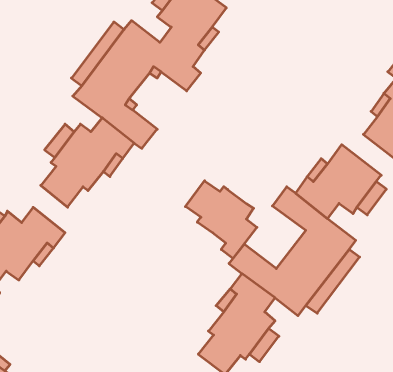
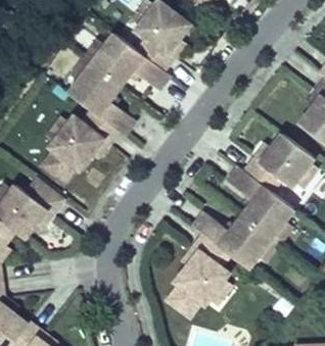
building: [185,181,257,258] -> none

